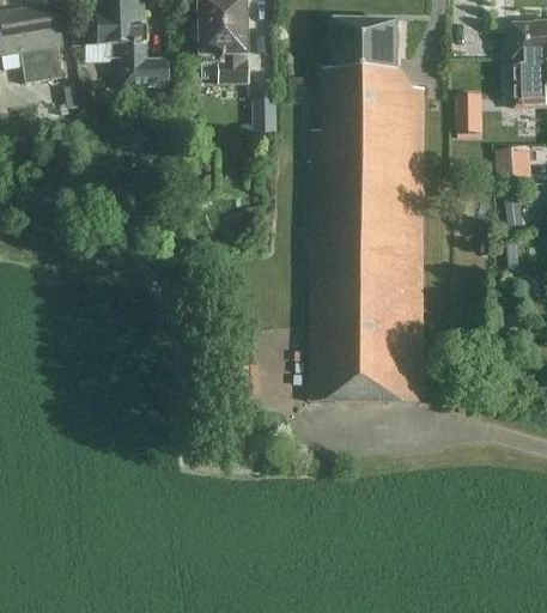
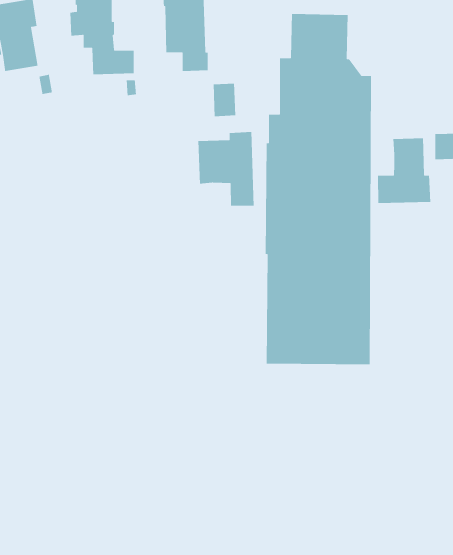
building: [456,92,476,131] -> none
building: none -> [197,131,255,207]
building: none -> [377,137,431,204]

